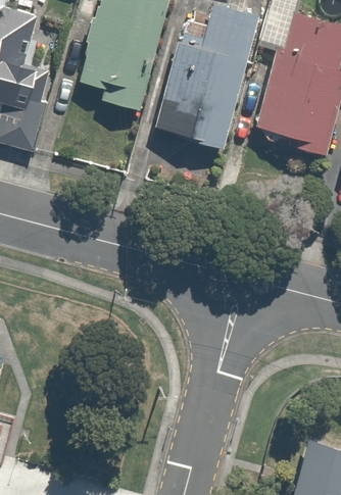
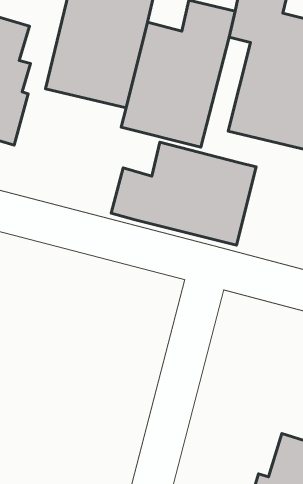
building: none -> [111,142,256,245]

